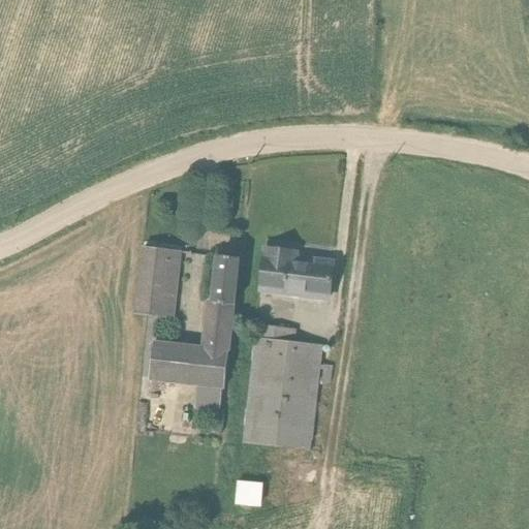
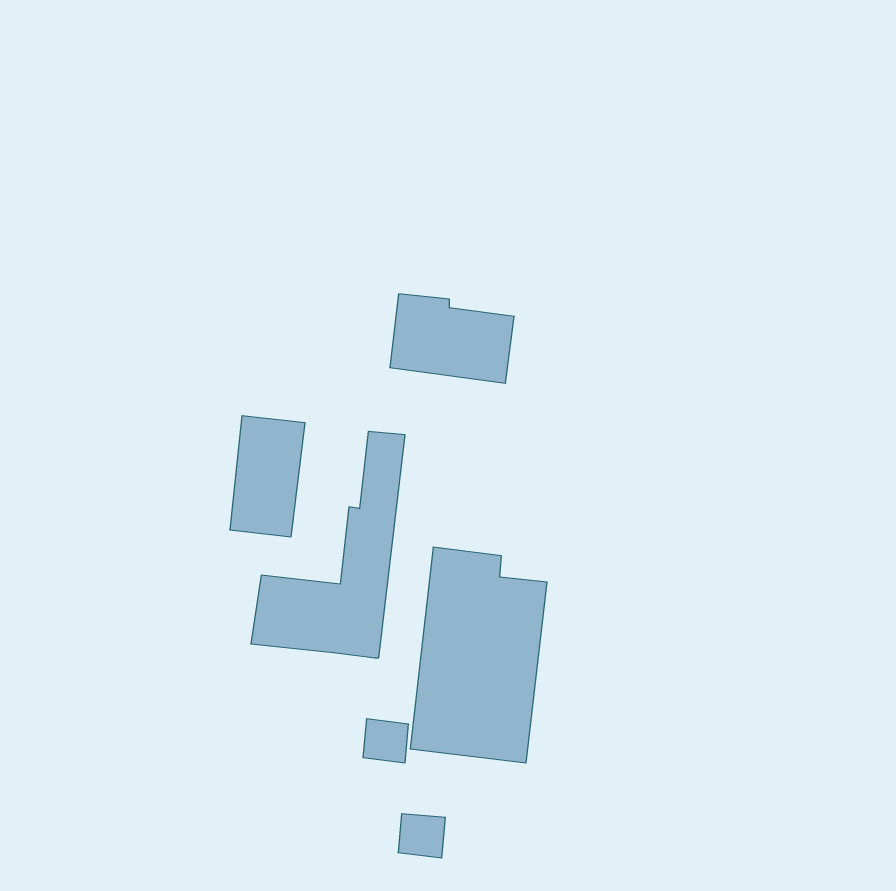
building: [259,247,333,300] -> [390,294,514,383]
building: [194,384,221,410] -> [363,719,409,763]

